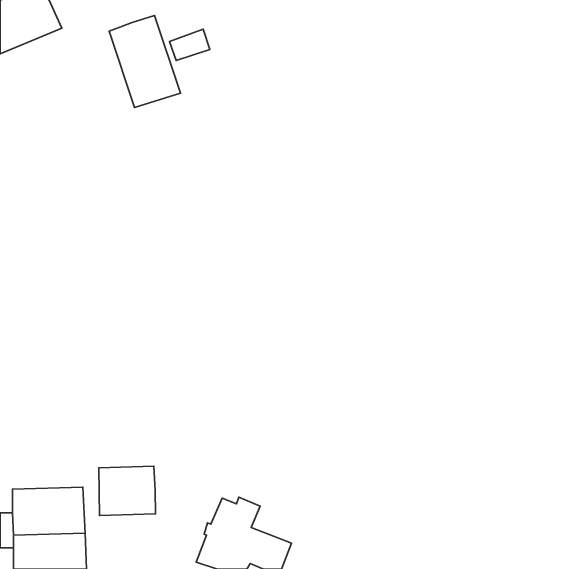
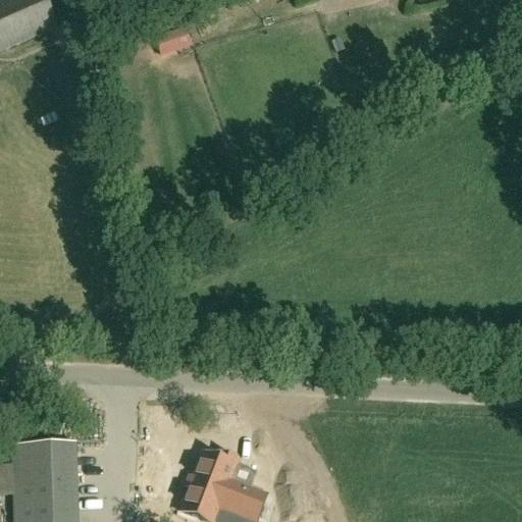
building: [109,16,180,107] -> none
building: [99,466,156,516] -> none

